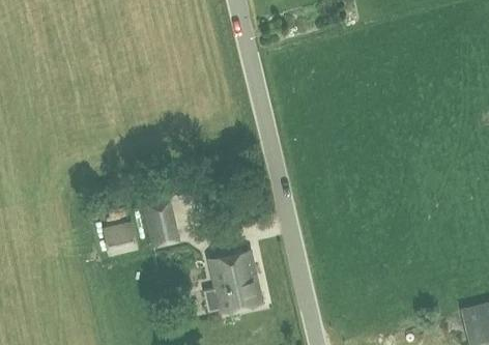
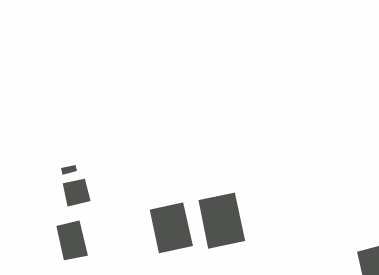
building: [142,199,182,249] -> [56,220,89,261]
building: none -> [198,192,246,250]

